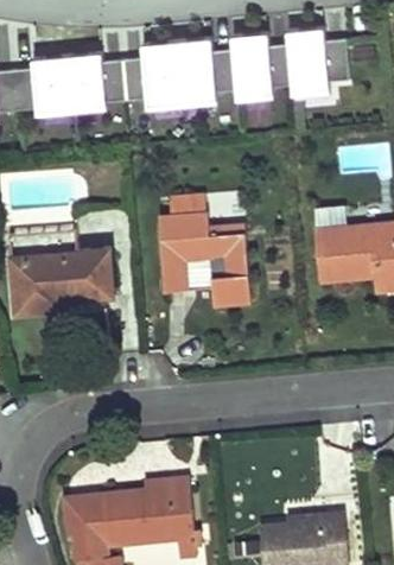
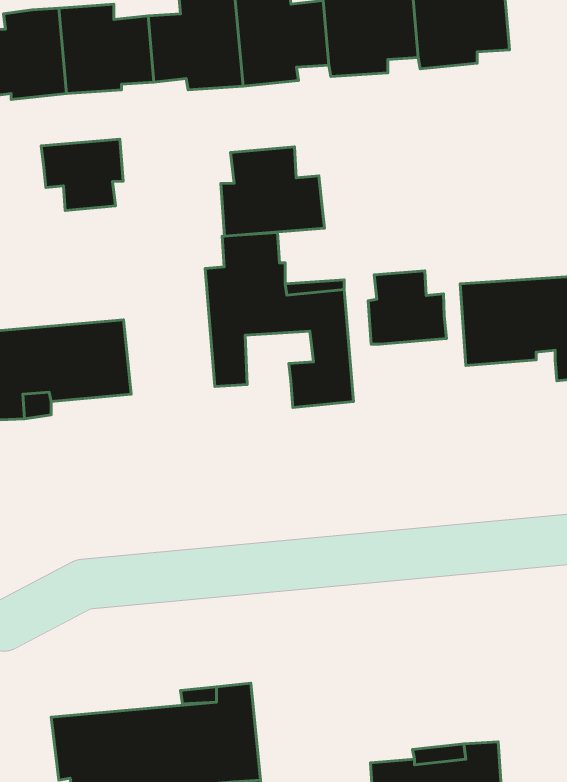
building: none -> [41,139,123,210]
building: none -> [221,147,324,236]
building: none -> [368,271,447,344]
building: [183,258,225,291] -> none

